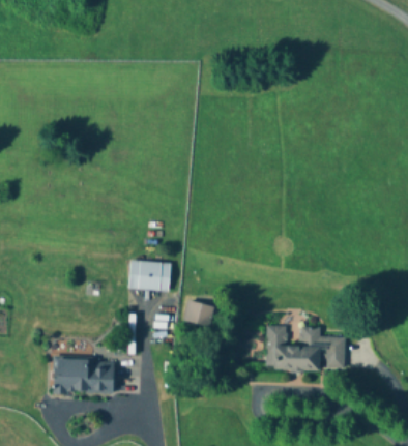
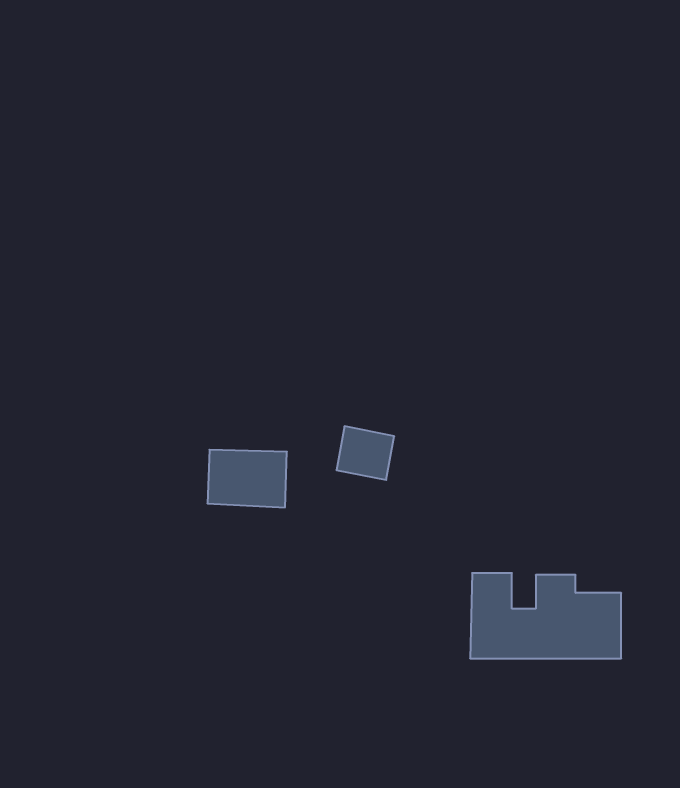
building: [184,300,214,328] -> [336,426,394,480]
building: [55,358,115,392] -> none

